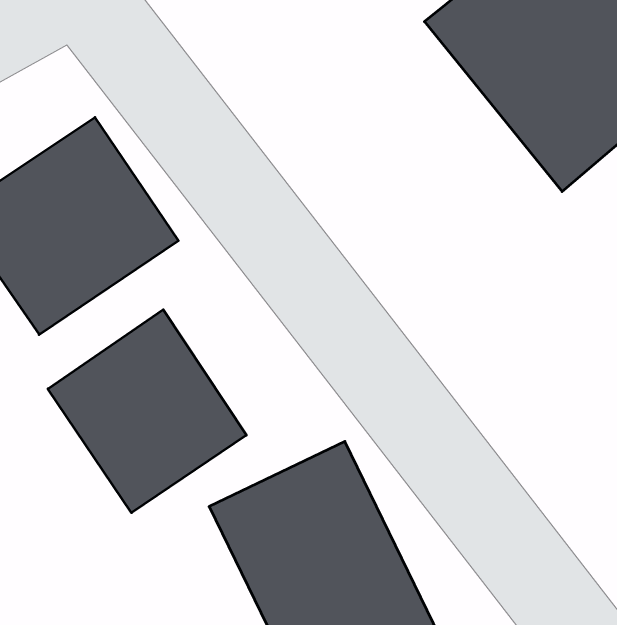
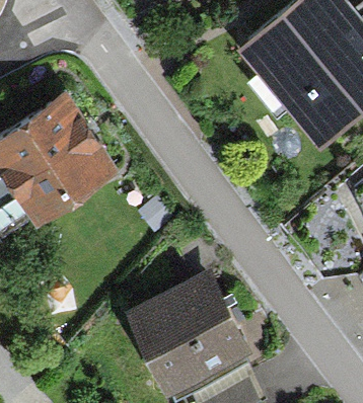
building: [48,310,246,513] -> none

